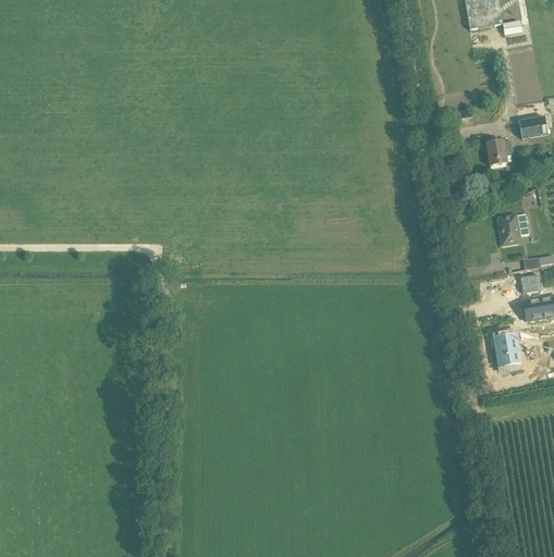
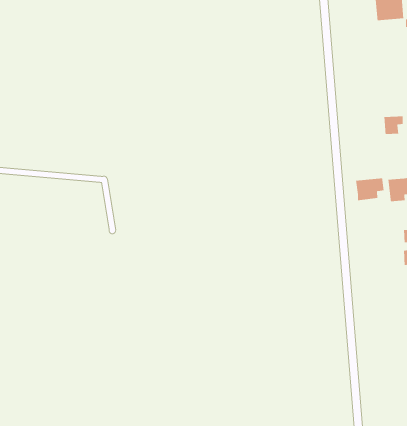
building: none -> [355,177,384,201]
building: [494,332,517,366] -> none

